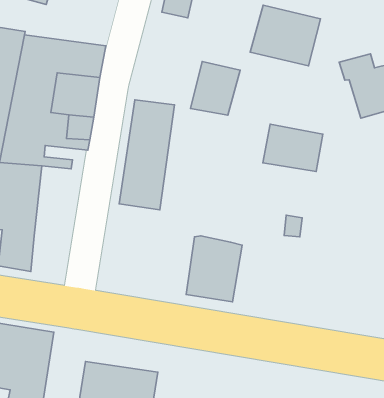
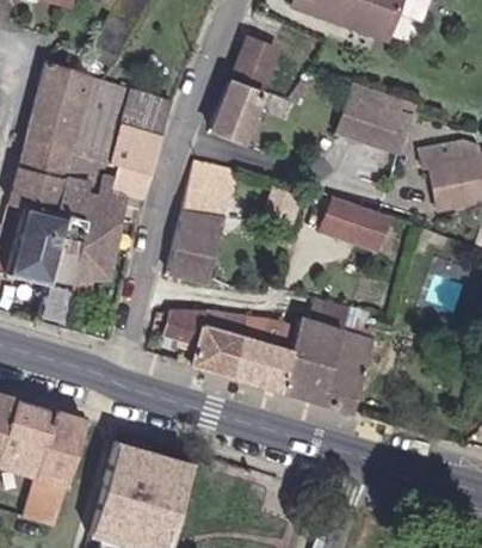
building: [190,62,240,115] -> [212,76,271,137]
building: none -> [73,222,122,300]
building: none -> [277,318,373,415]
building: none -> [165,318,245,380]

